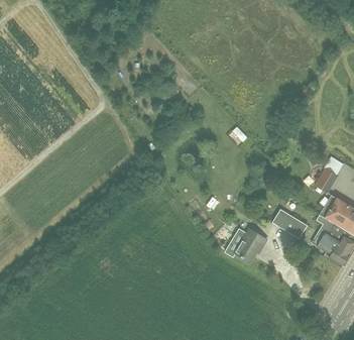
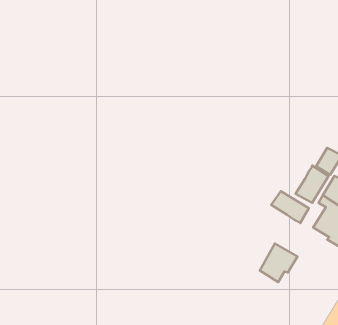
building: none -> [296,166,329,203]
building: [234,226,269,262] -> [260,244,298,282]

